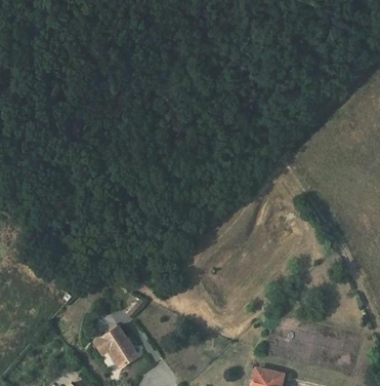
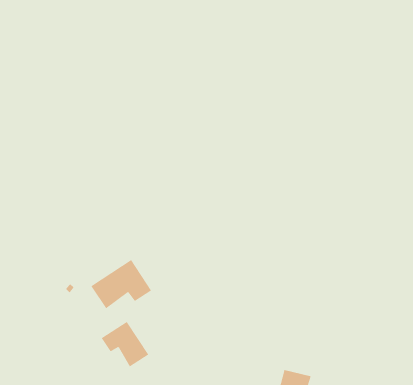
building: none -> [91,259,152,309]

